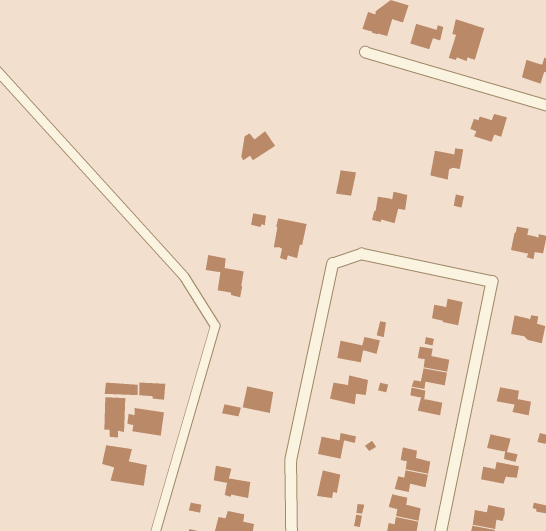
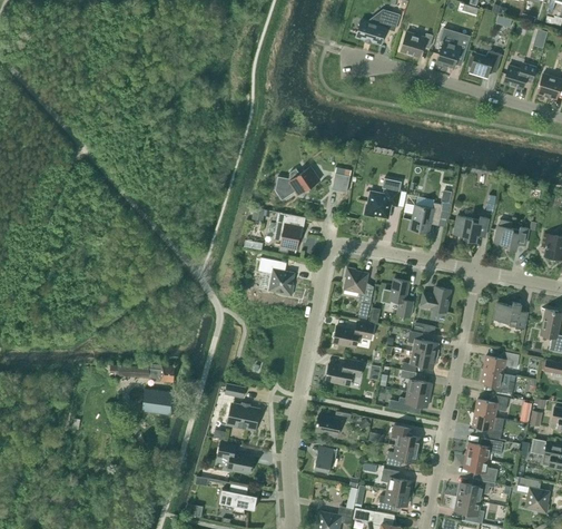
building: [470,114,508,142] -> [466,50,502,77]
building: [240,130,276,161] -> [287,166,321,195]
building: [429,148,464,180] -> [411,203,443,233]
building: none -> [454,215,489,242]
building: [205,254,245,298] -> [258,256,295,296]
building: none -> [344,266,374,303]
building: none -> [383,277,413,316]
building: none -> [484,351,520,372]
building: [242,386,274,413] -> [228,403,258,429]
building: [104,397,126,438] -> none
building: none -> [388,391,430,411]
building: none -> [475,394,509,417]
building: [101,445,148,487] -> none
building: none -> [464,454,497,481]

